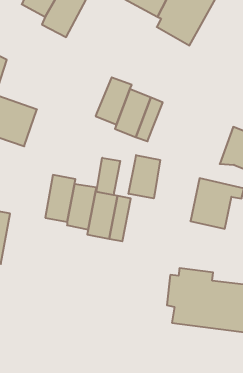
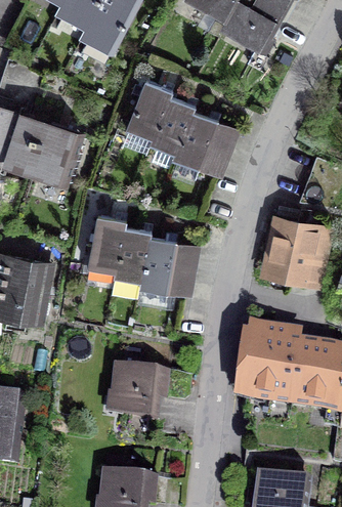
building: none -> [125,80,170,138]
building: [129,155,160,198] -> none
building: [96,158,120,195] -> none
building: none -> [111,367,190,431]

